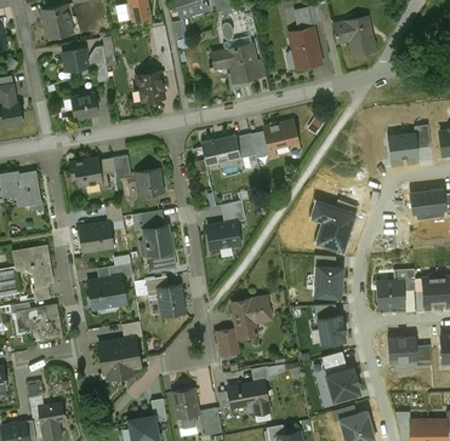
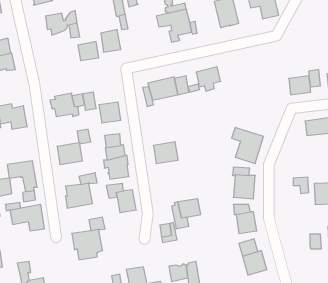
building: [70,93,98,119] -> [78,42,99,61]
building: [377,280,404,308] -> none
building: [388,337,416,362] -> none

